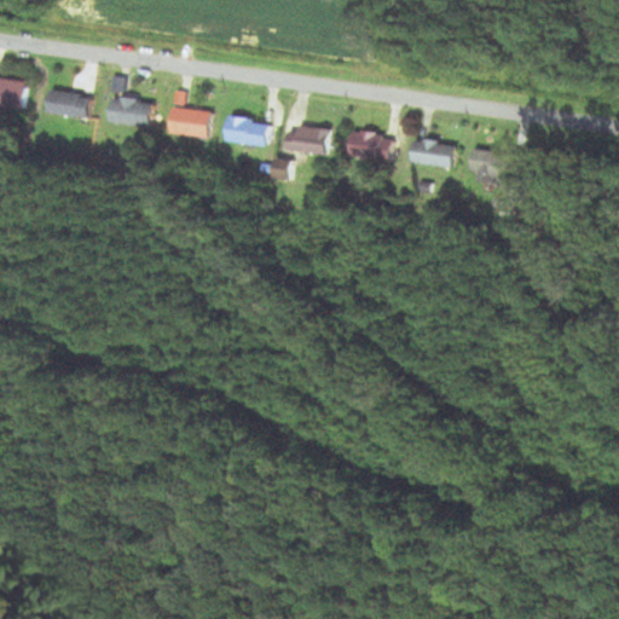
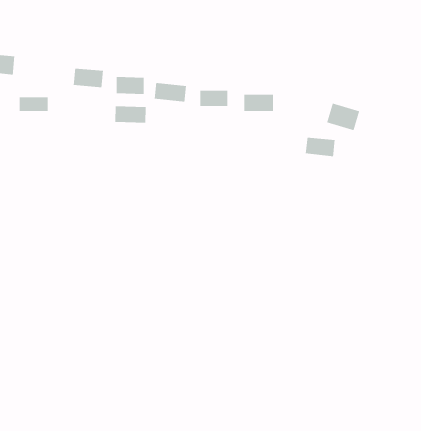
building: [44,93,86,115] -> [19,97,49,112]
building: [410,139,453,168] -> [305,137,335,157]
building: none -> [115,106,146,123]

